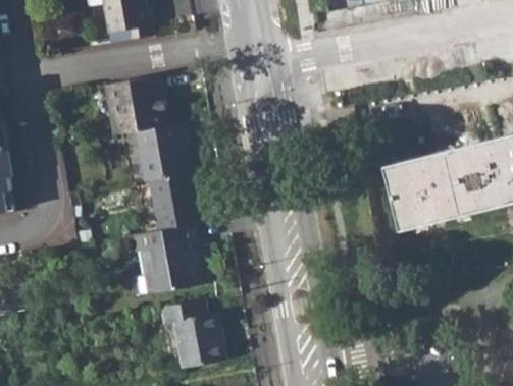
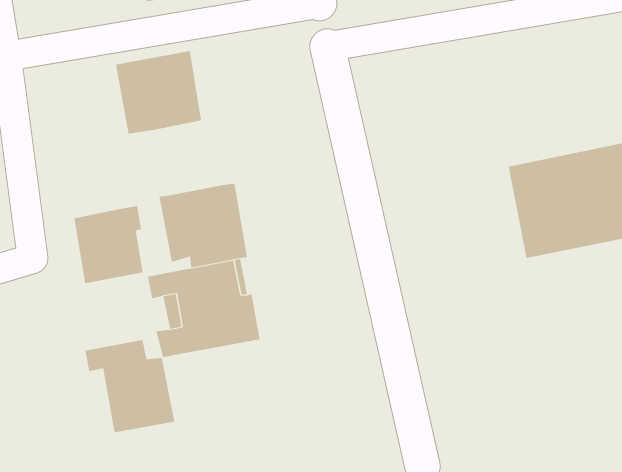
building: [133,123,184,180] -> [73,206,143,284]
building: [159,302,225,371] -> [84,339,175,433]

